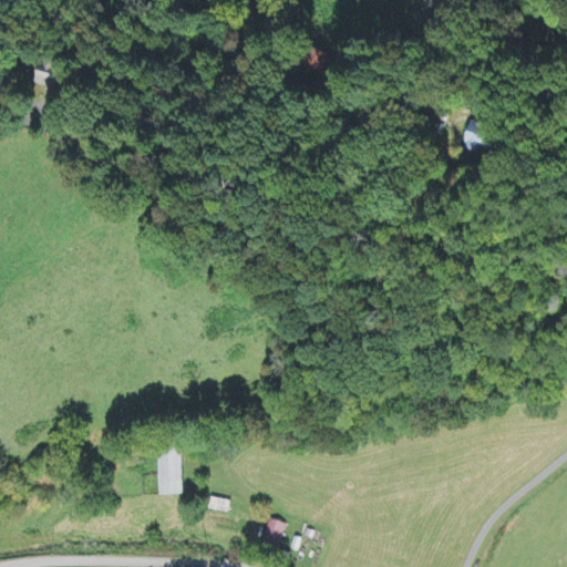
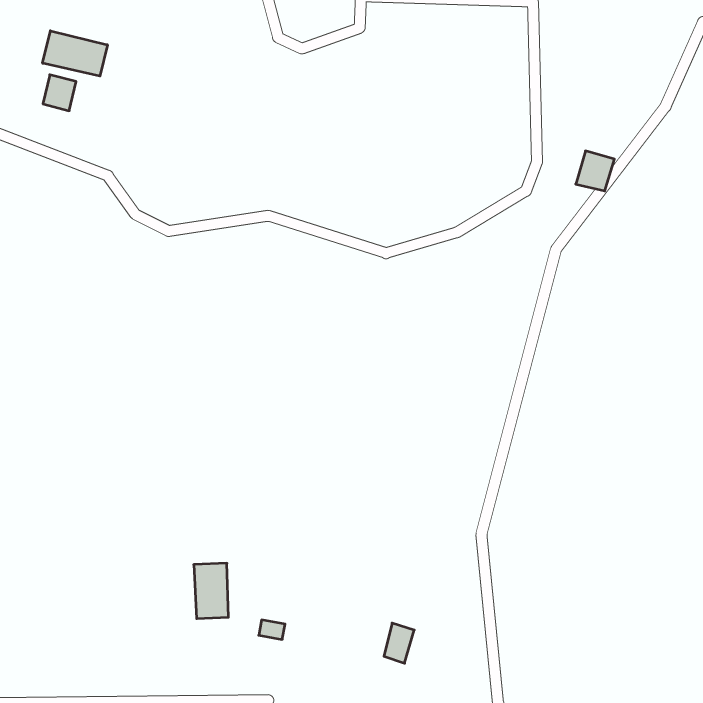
building: none -> [43,31,107,76]
building: [260,517,285,549] -> [384,623,414,663]

